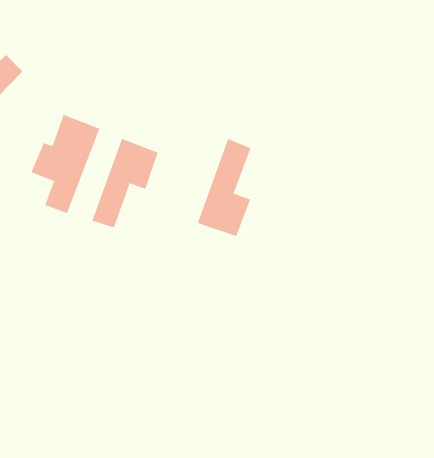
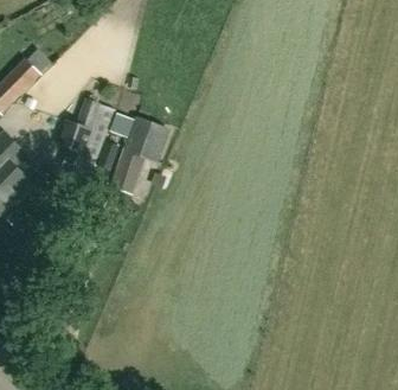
building: [197,138,251,237] -> none

